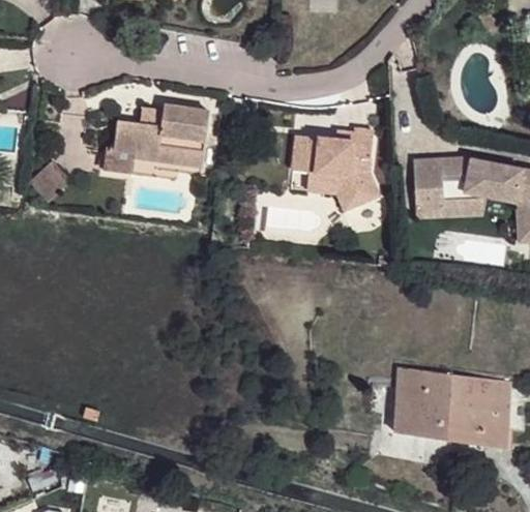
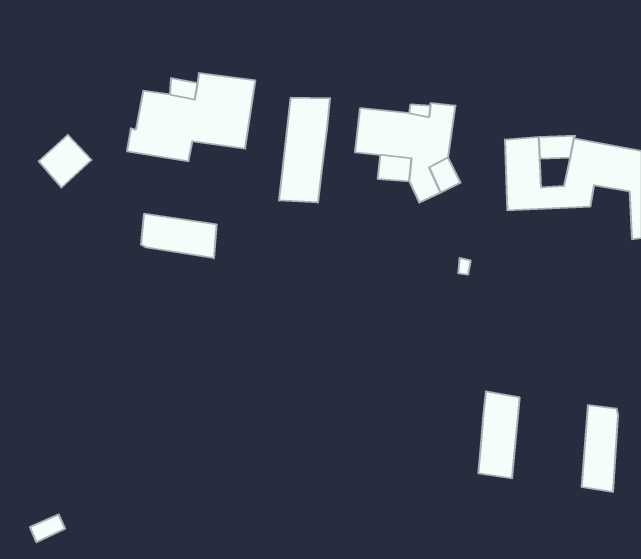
building: none -> [279,98,330,203]
building: none -> [141,214,216,258]
building: [421,370,483,445] -> none

